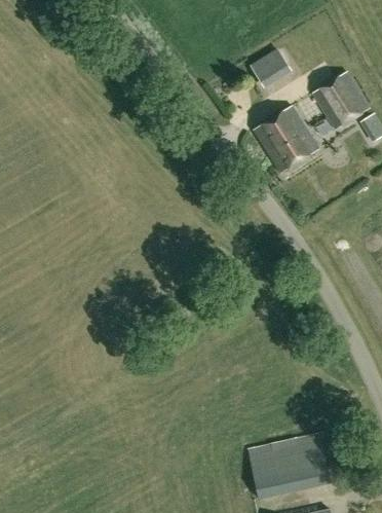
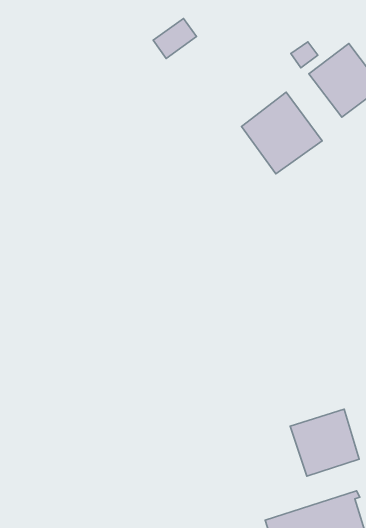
building: [251,49,285,80] -> [153,18,197,58]
building: none -> [290,409,359,476]

